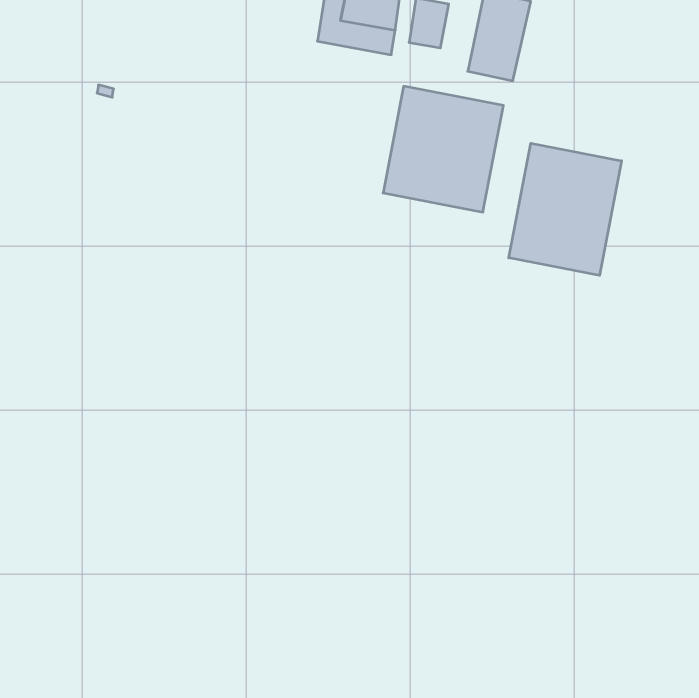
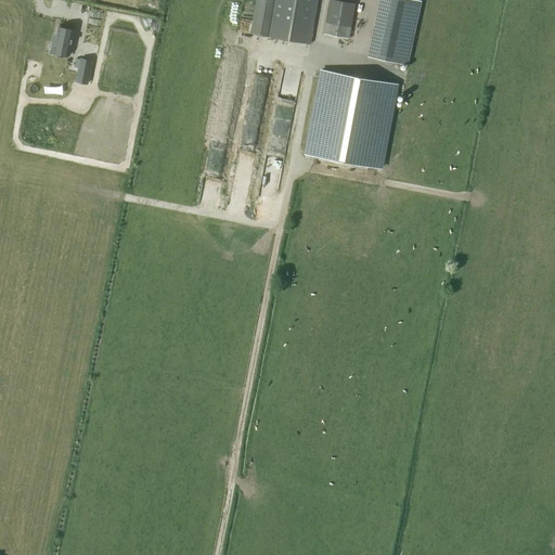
building: none -> [53,27,74,55]
building: [509,143,622,275] -> none

